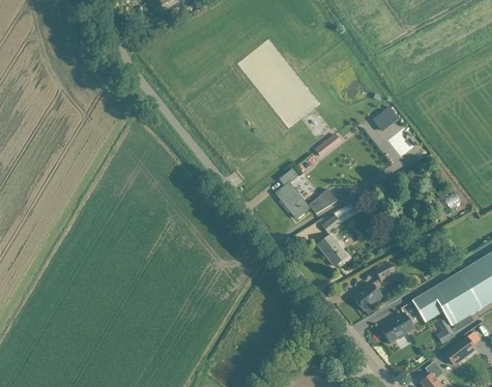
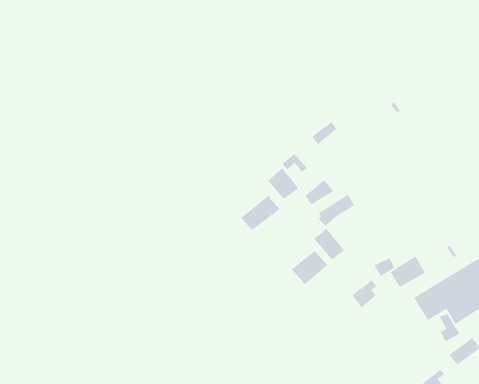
building: none -> [240,195,281,231]
building: none -> [291,250,328,286]
building: [380,311,414,343] -> [390,255,426,288]

